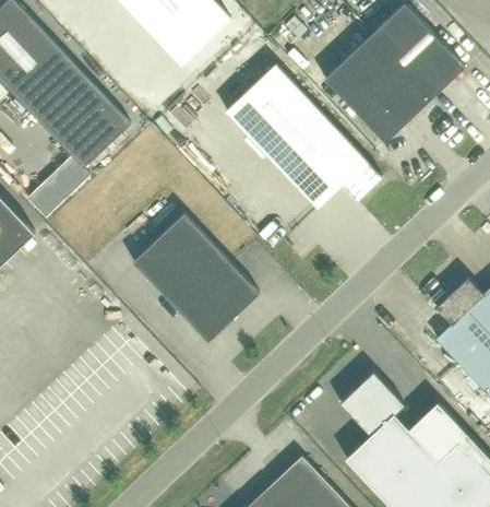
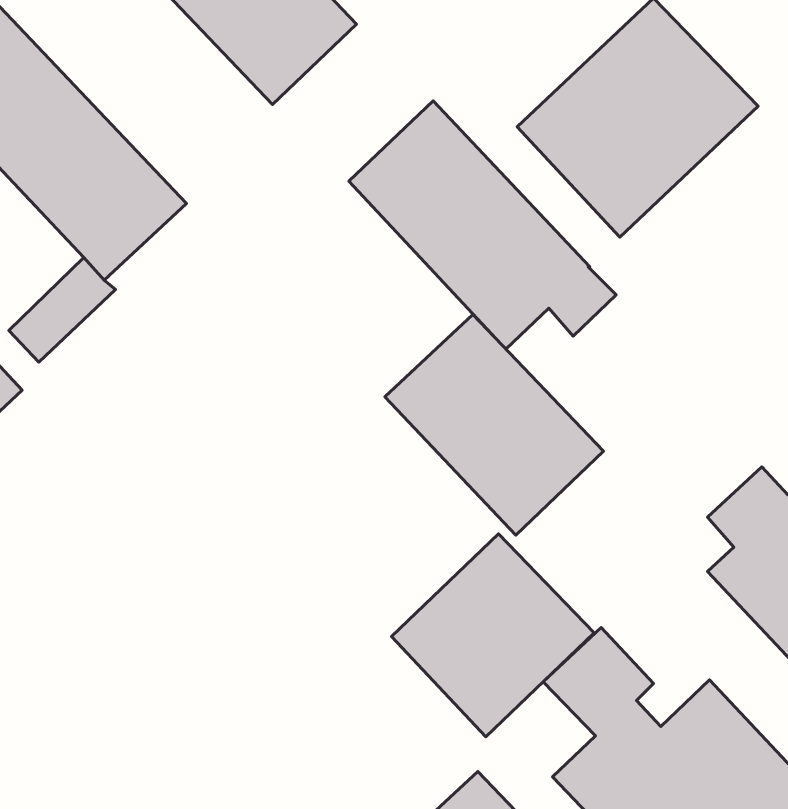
building: [132,214,260,343] -> [385,315,604,535]
building: none -> [391,534,594,737]

